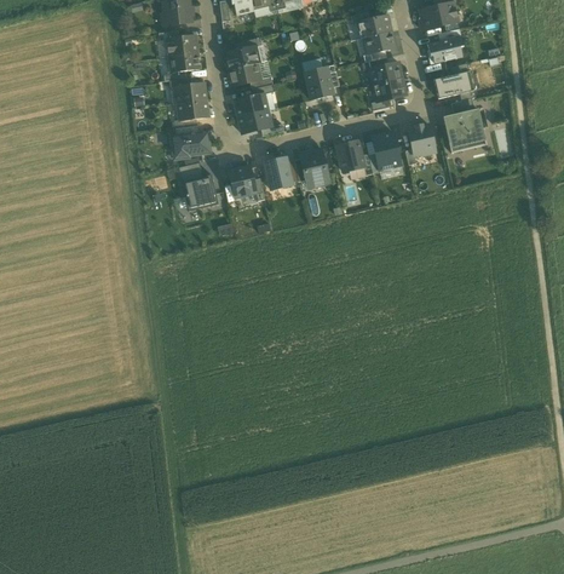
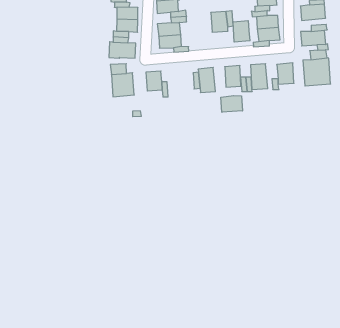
building: none -> [233,21,250,42]
building: [265,156,294,190] -> none
building: none -> [221,96,242,112]

